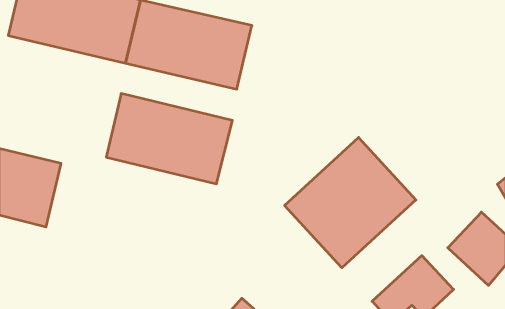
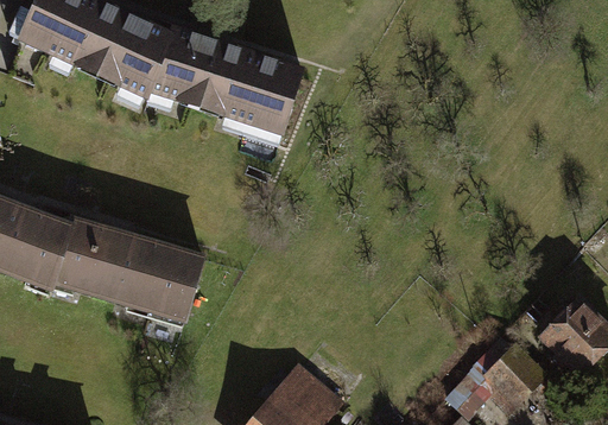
building: [106,94,232,184] -> [57,218,208,326]
building: [285,137,416,268] -> none

